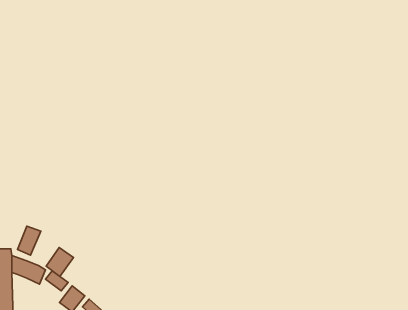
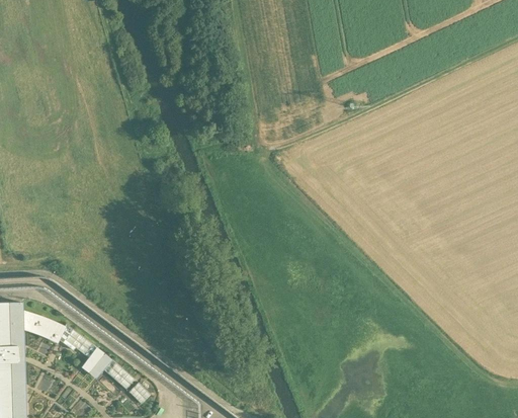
building: [17,226,41,255] -> none
building: [46,248,74,276] -> none

